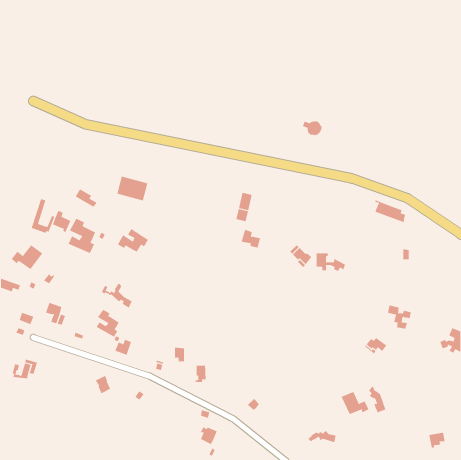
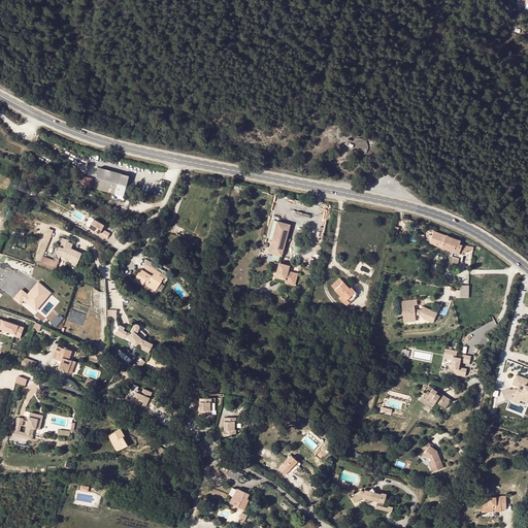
building: [117,176,148,201] -> [94,169,130,198]
building: [68,218,96,254] -> none
building: [316,253,346,272] -> [402,300,436,322]
building: [96,309,119,338] -> none
building: [341,391,369,415] -> none

